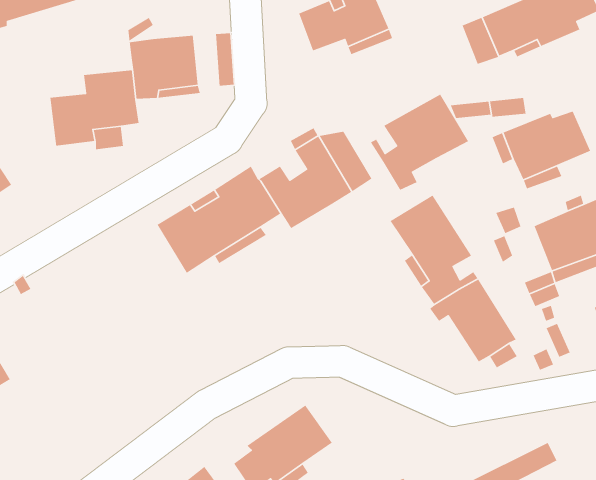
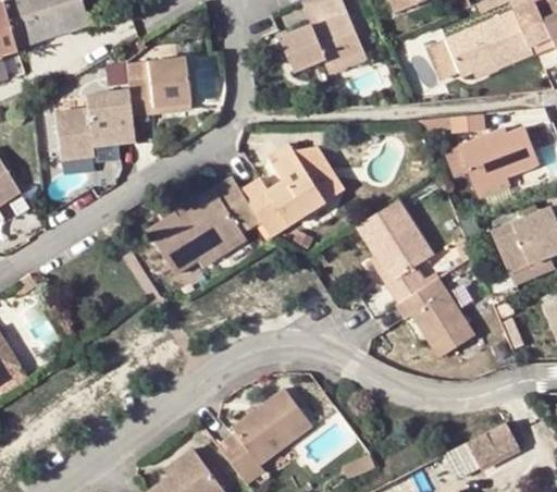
building: [370,94,469,191] -> none

